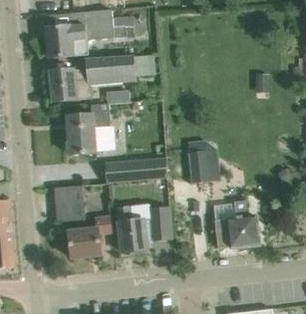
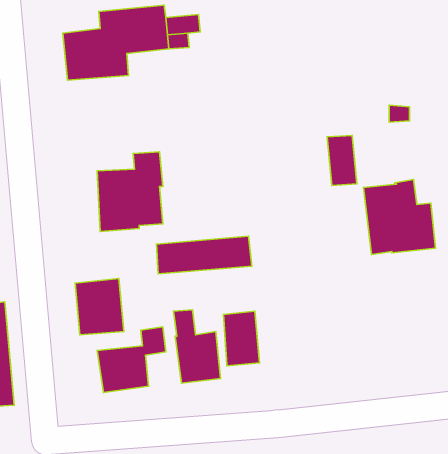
building: [49,55,134,101] -> none
building: [189,150,208,183] -> [327,135,357,185]
building: [213,200,259,248] -> [364,180,436,255]

